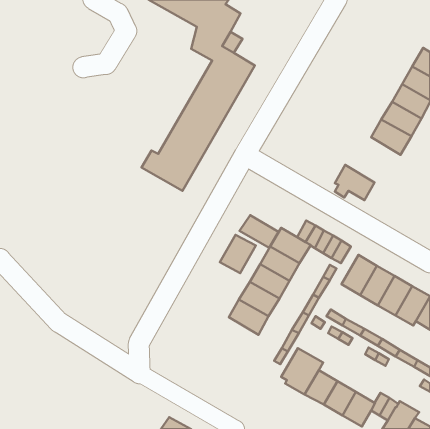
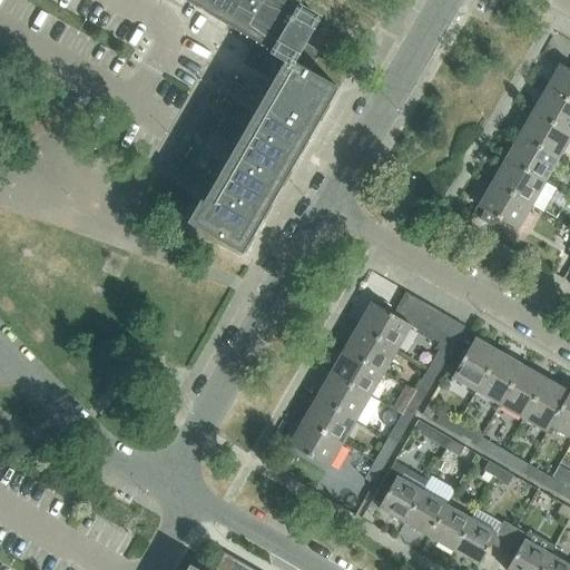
building: [335,165,375,200] -> [478,181,530,228]
building: [240,215,278,248] -> none
building: [220,235,256,273] -> none
building: none -> [289,420,342,466]

